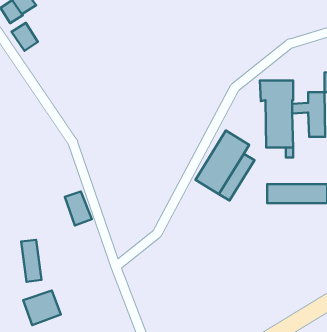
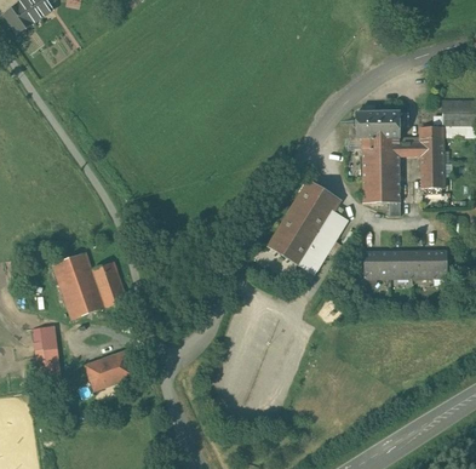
building: [12,23,38,51] -> none
building: none -> [52,251,104,318]
building: [23,290,61,325] -> [86,350,137,397]

